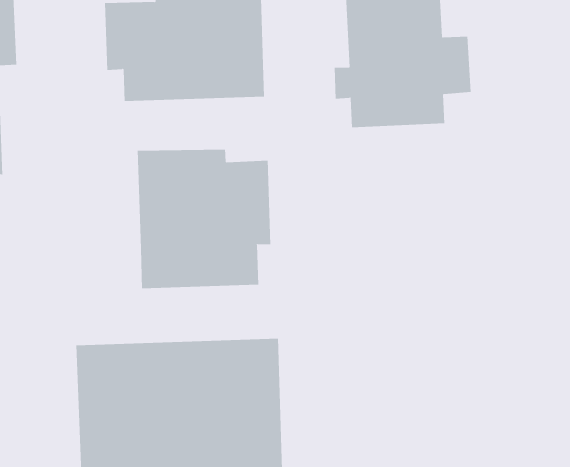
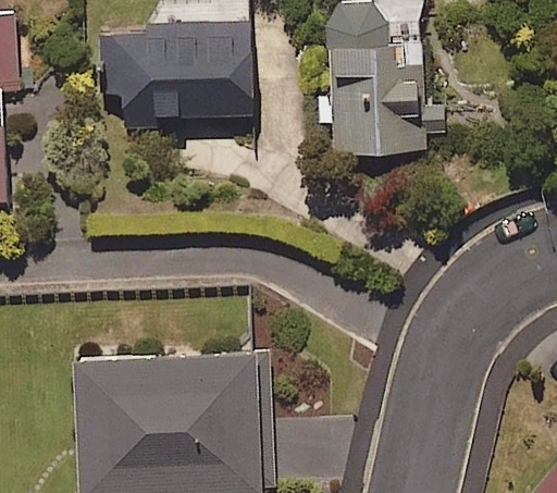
building: [137,149,271,289] -> none

